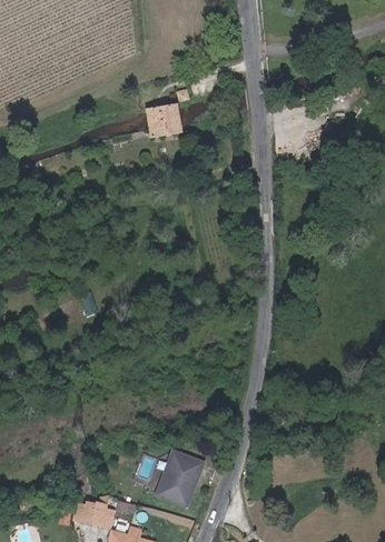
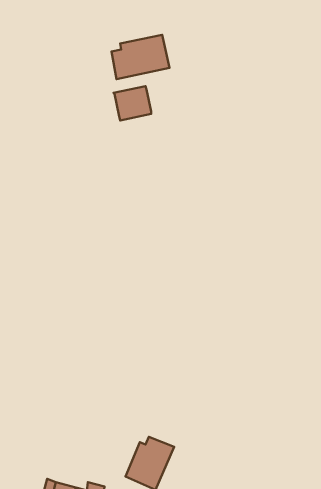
building: none -> [112,35,170,79]

